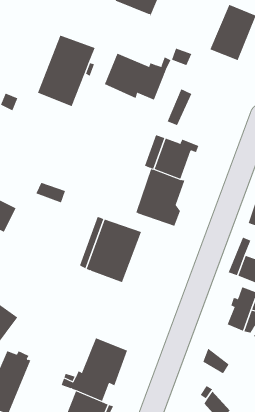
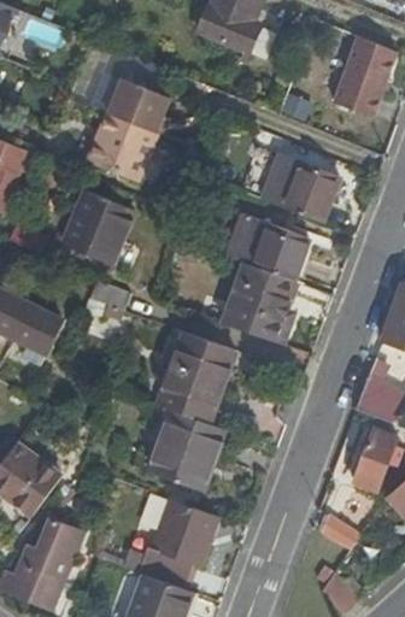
building: [104,53,171,101] -> none
building: none -> [284,161,340,222]
building: none -> [63,187,134,262]
building: none -> [141,407,223,490]

